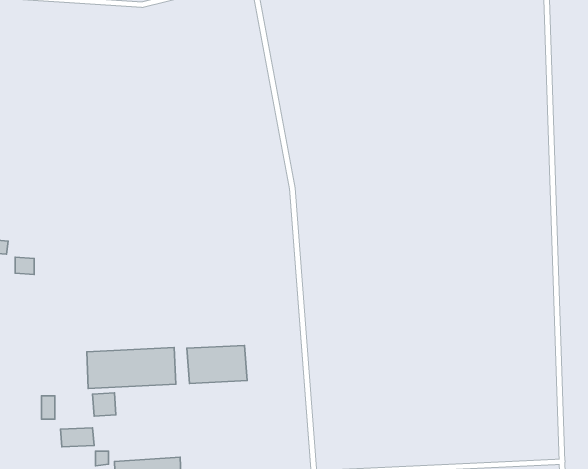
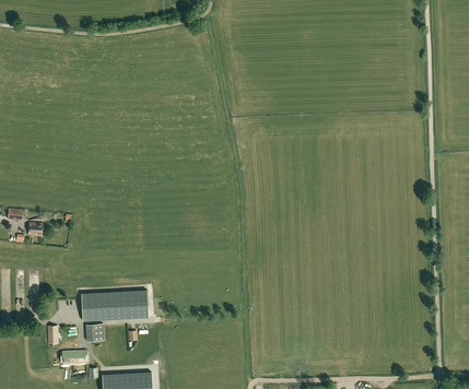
building: [187,345,247,383] -> none

